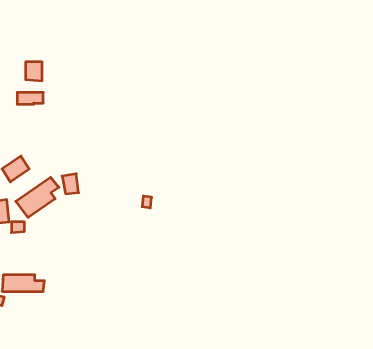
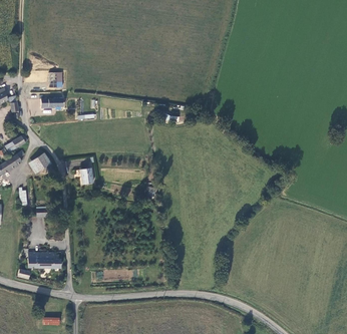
building: [16,177,59,217] -> none

